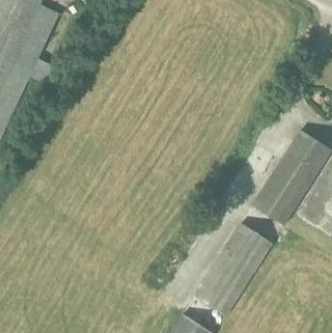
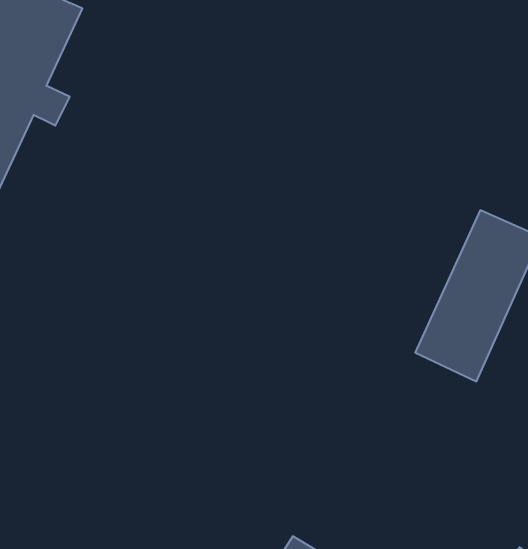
building: [189,223,270,320] -> none

